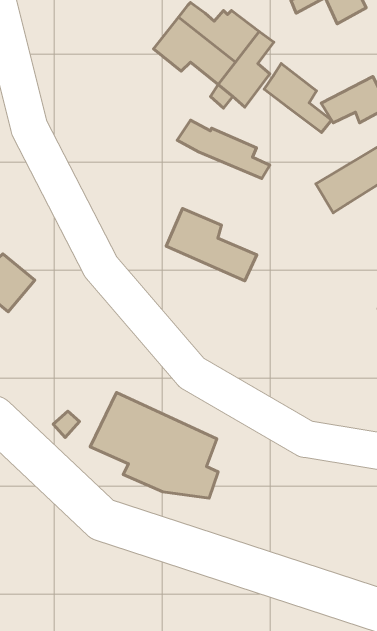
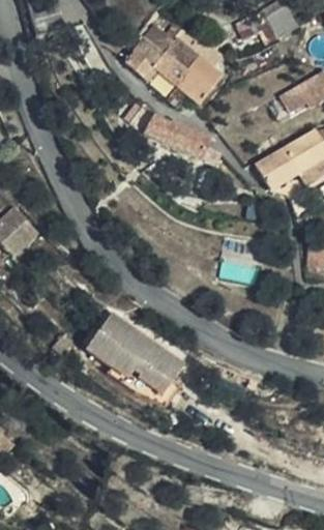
building: [264,63,332,133] -> none
building: [166,208,257,281] -> none

